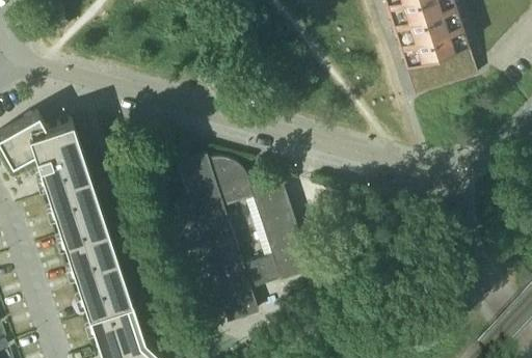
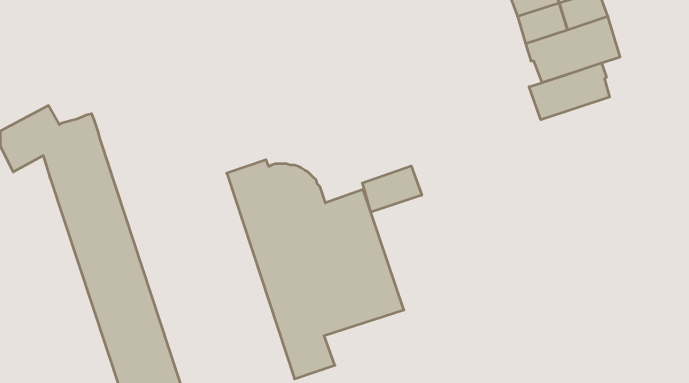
building: none -> [529,63,610,120]
building: none -> [362,166,422,212]

